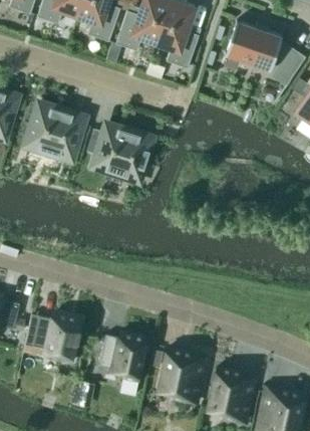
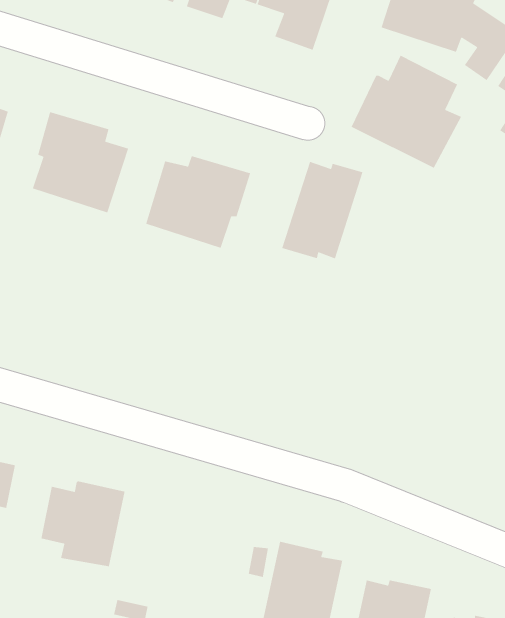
building: none -> [350,55,462,169]
building: none -> [281,147,364,260]
building: [96,334,144,384] -> none

